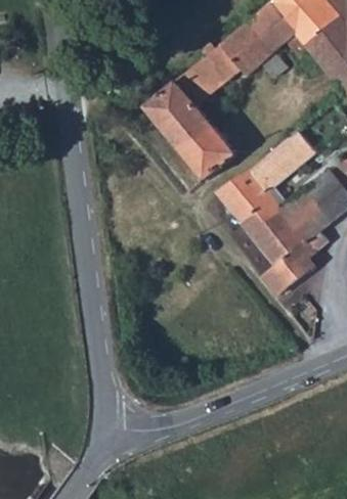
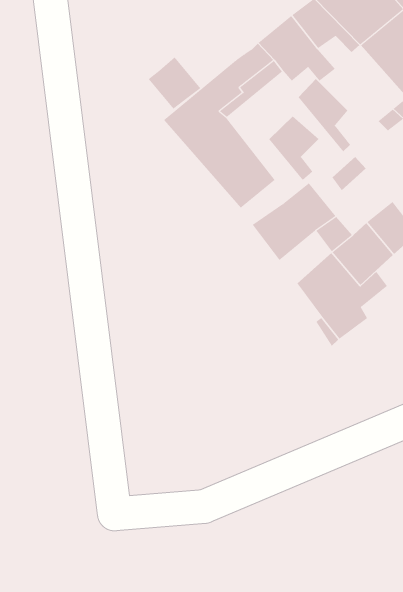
building: none -> [148,57,201,109]
building: none -> [298,78,351,152]
building: none -> [268,116,319,181]
building: [237,197,280,240] -> none

